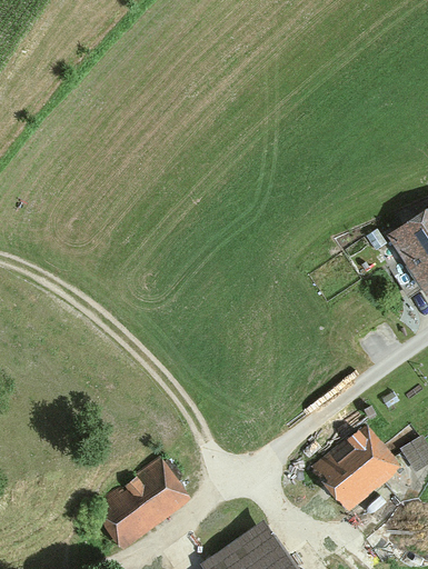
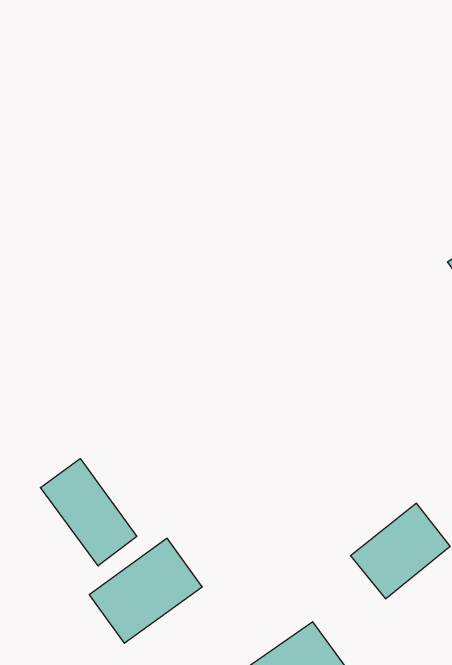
building: none -> [40,459,137,566]

